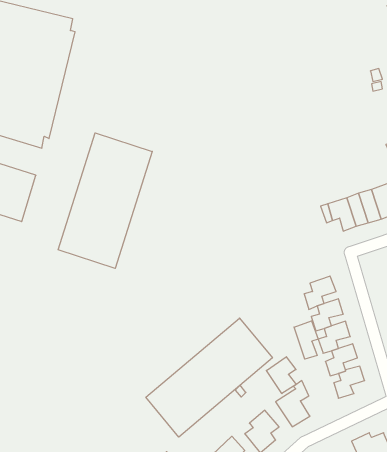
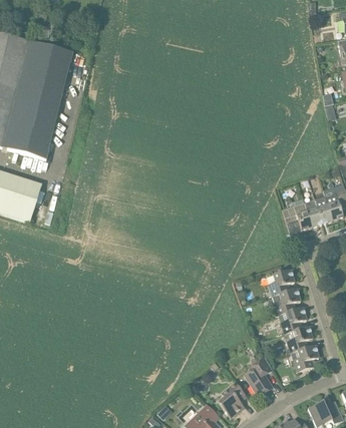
building: [58,133,152,268] -> none
building: [146,318,272,437] -> none
building: [294,321,318,359] -> none
building: [266,357,296,394] -> none

